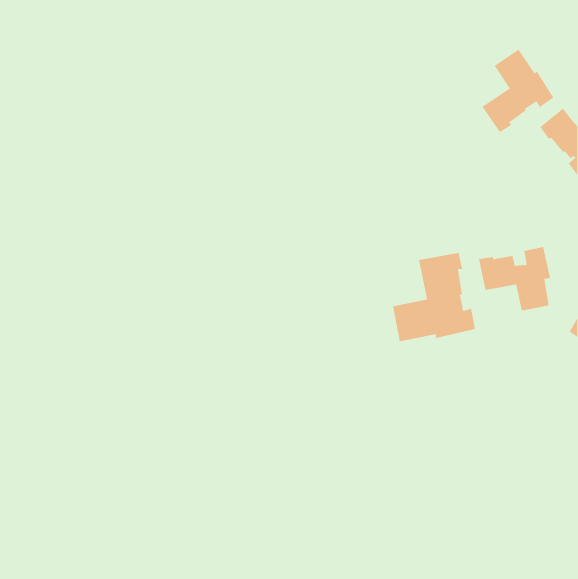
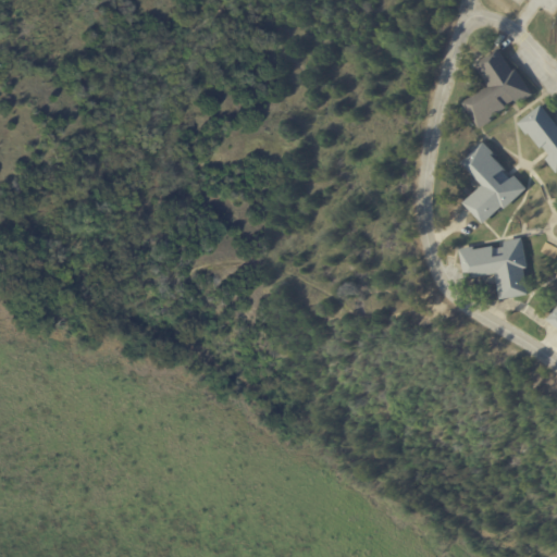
building: none -> [460,140,525,223]
building: [392,252,476,342] -> none

